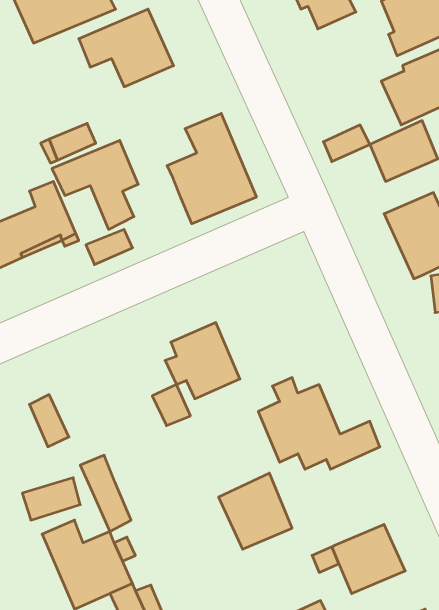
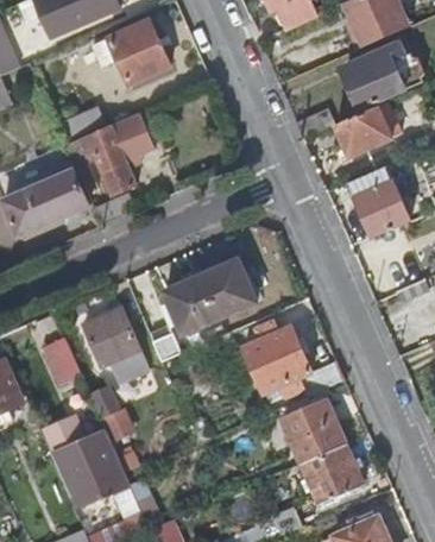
building: [167,113,256,224] -> none
building: none -> [204,259,257,321]
building: none -> [83,308,150,386]
building: [219,473,292,549] -> [284,397,346,461]

